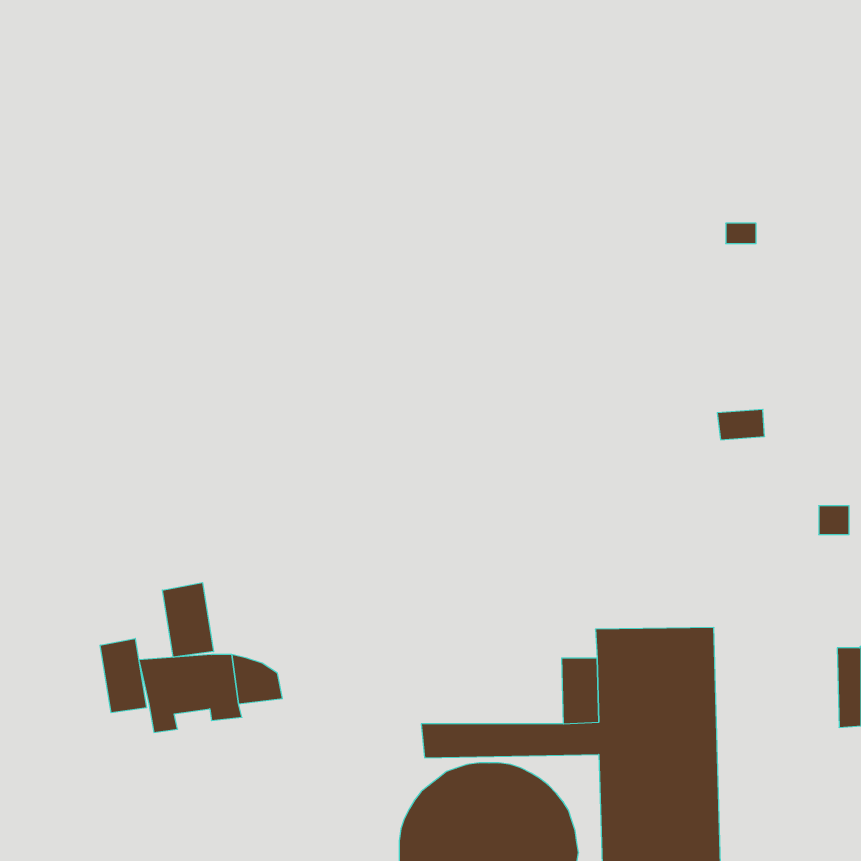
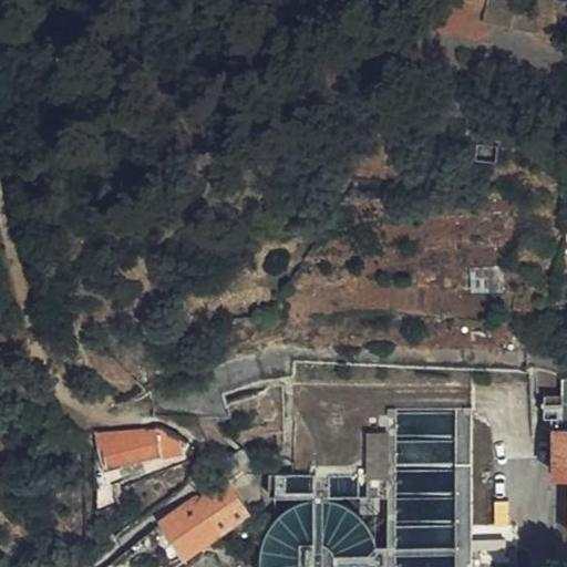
building: [162,583,214,657] -> none
building: [100,638,147,713] -> none
building: none -> [158,480,257,560]

